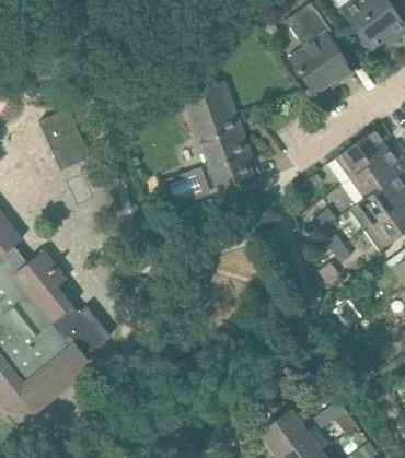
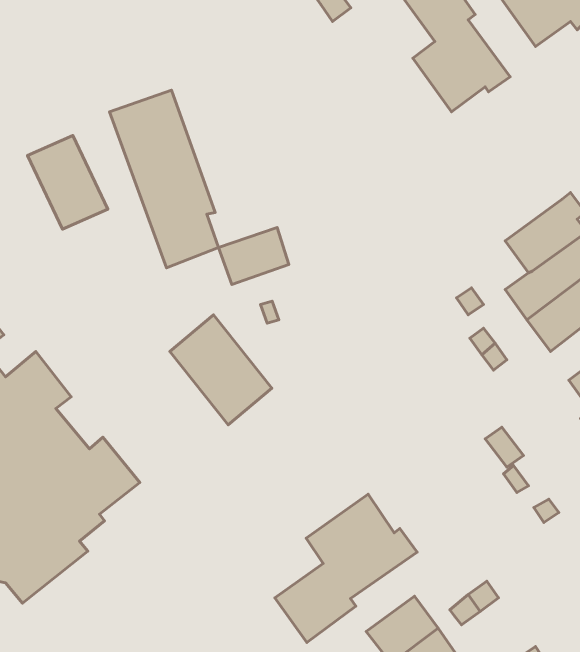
building: [184,82,255,198] -> [110,90,219,268]
building: [336,127,387,178] -> none
building: none -> [170,315,272,425]
building: none -> [275,494,417,642]

